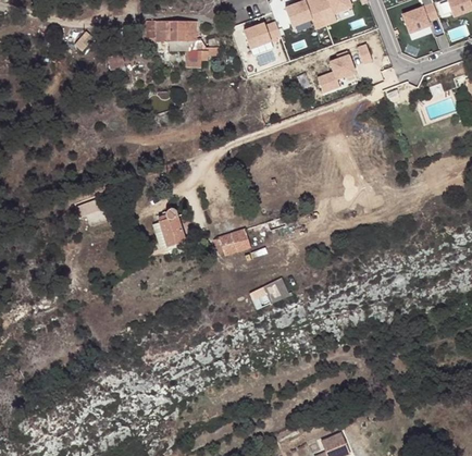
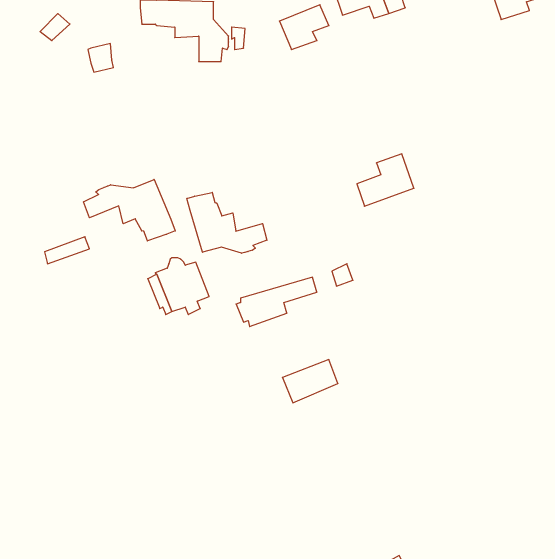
building: [318,58,359,96] -> [357,154,414,206]
building: none -> [84,179,175,241]
building: none -> [187,192,267,253]

